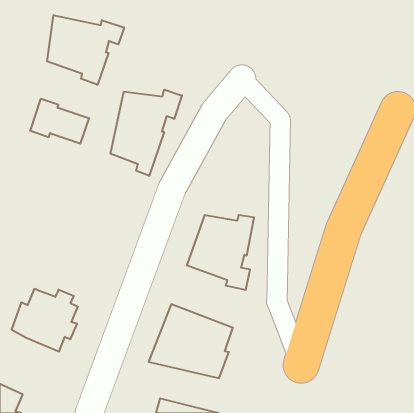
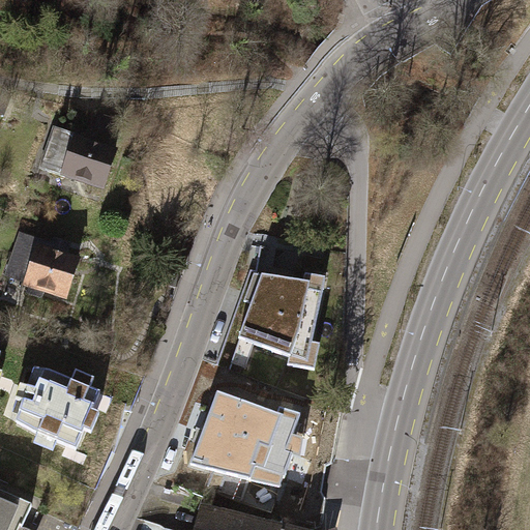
building: [47,15,124,85] -> none
building: [110,90,182,176] -> none
building: none -> [6,232,77,297]

